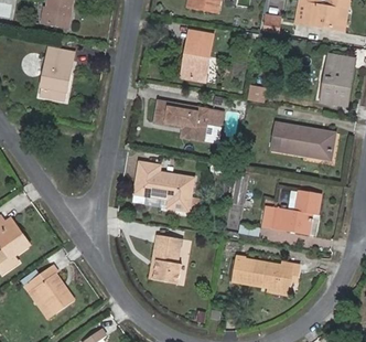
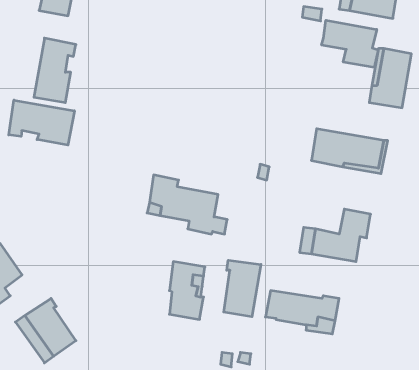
building: [184,31,213,81] -> none
building: none -> [322,20,378,67]
building: none -> [9,100,74,145]
building: [154,100,223,140] -> none
building: none -> [224,260,261,317]

